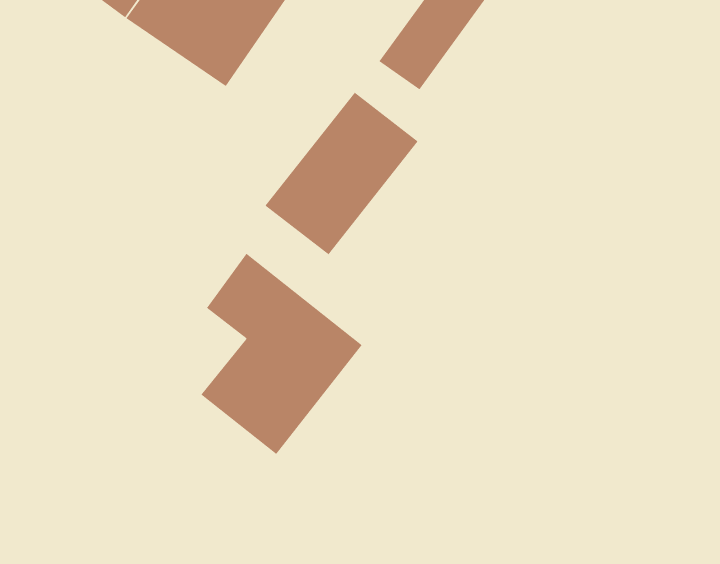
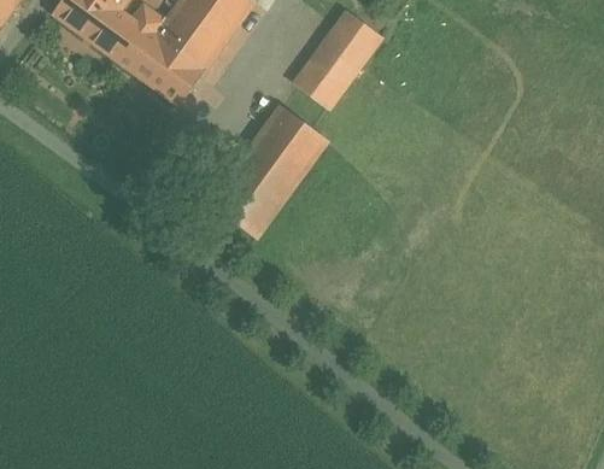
building: [201,253,363,455] -> none

